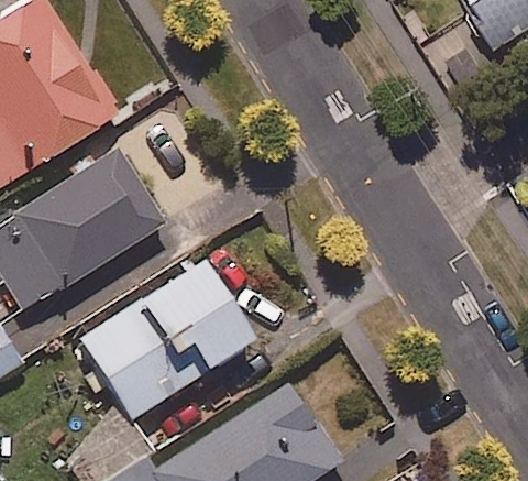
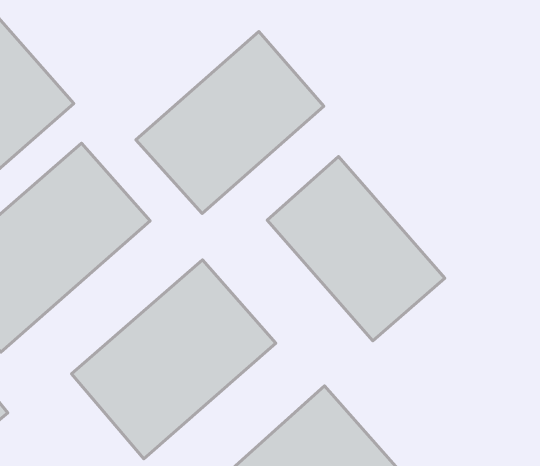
building: none -> [136,32,324,214]
building: none -> [267,156,445,341]

